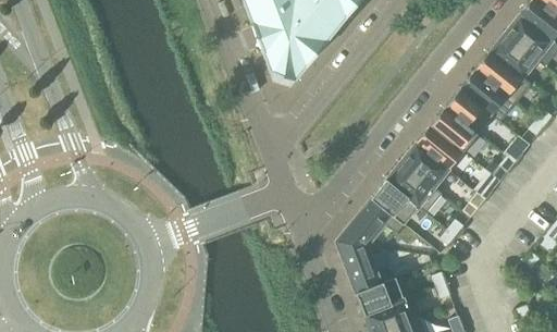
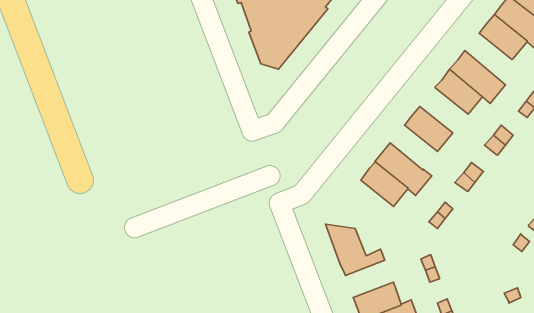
building: [476,52,532,103] -> none
building: [432,107,480,151] -> none
building: [403,144,449,188] -> none
building: [338,198,406,246] -> none
building: [358,278,406,315] -> none

